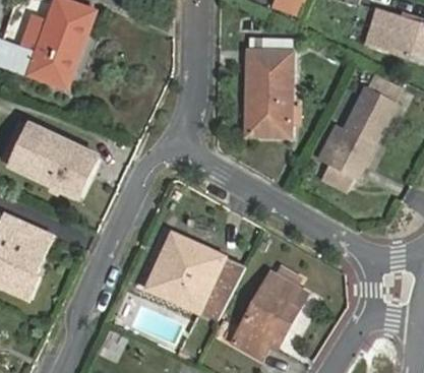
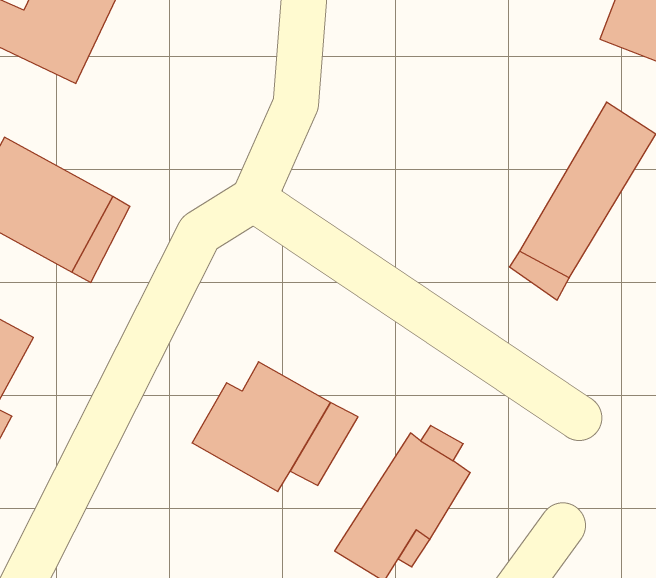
building: [246,34,290,134] -> none

